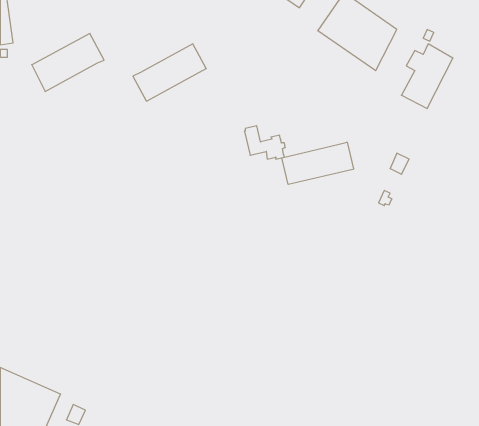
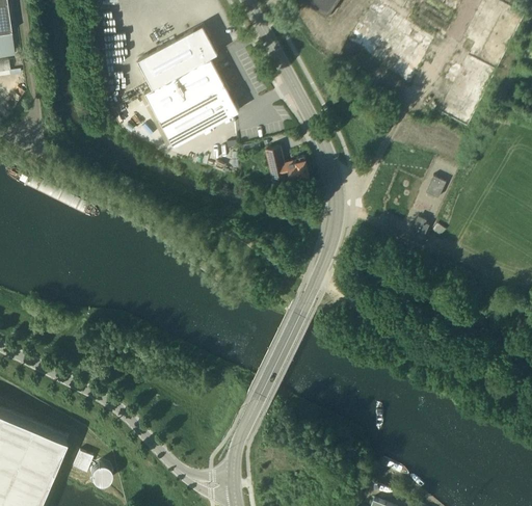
building: [32,33,104,91] -> [139,26,218,89]
building: none -> [161,85,240,148]
building: [282,142,354,184] -> none

